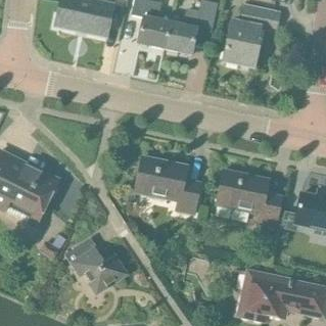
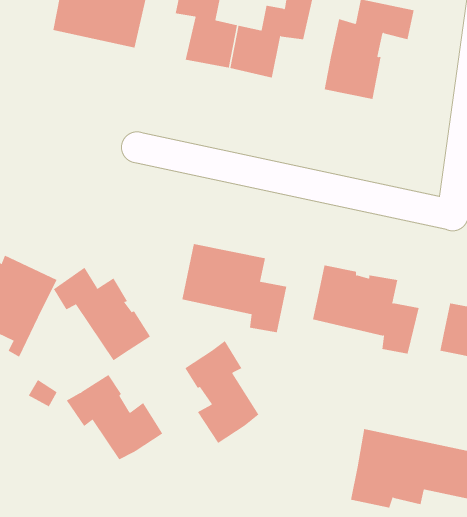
building: none -> [53,267,151,361]
building: none -> [184,340,259,444]

